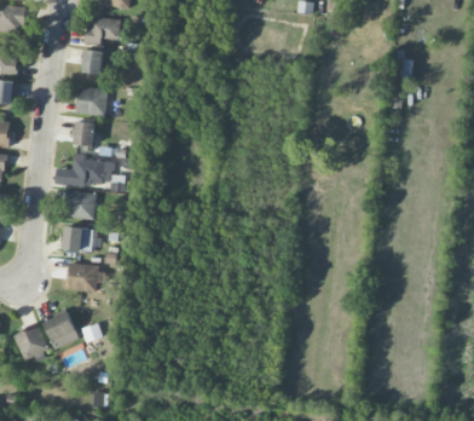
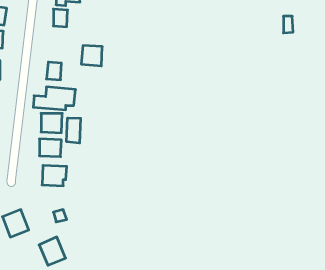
building: [77,87,106,115] -> [81,46,102,66]
building: none -> [67,118,81,143]
building: [44,311,80,350] -> [39,237,66,265]

